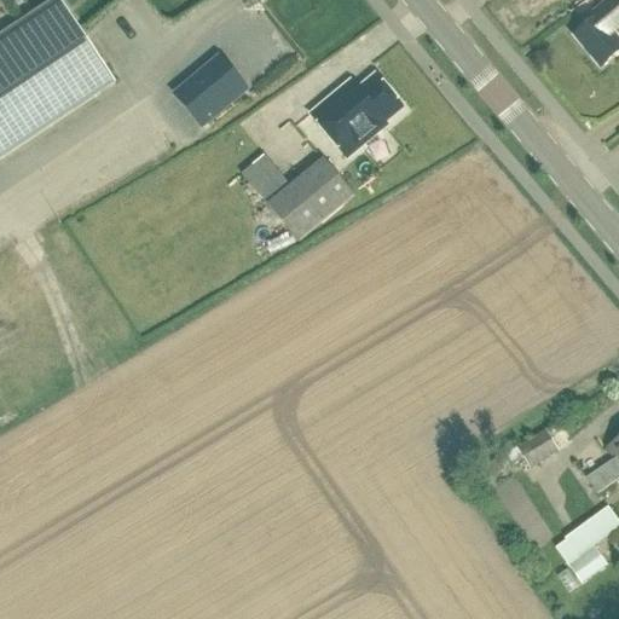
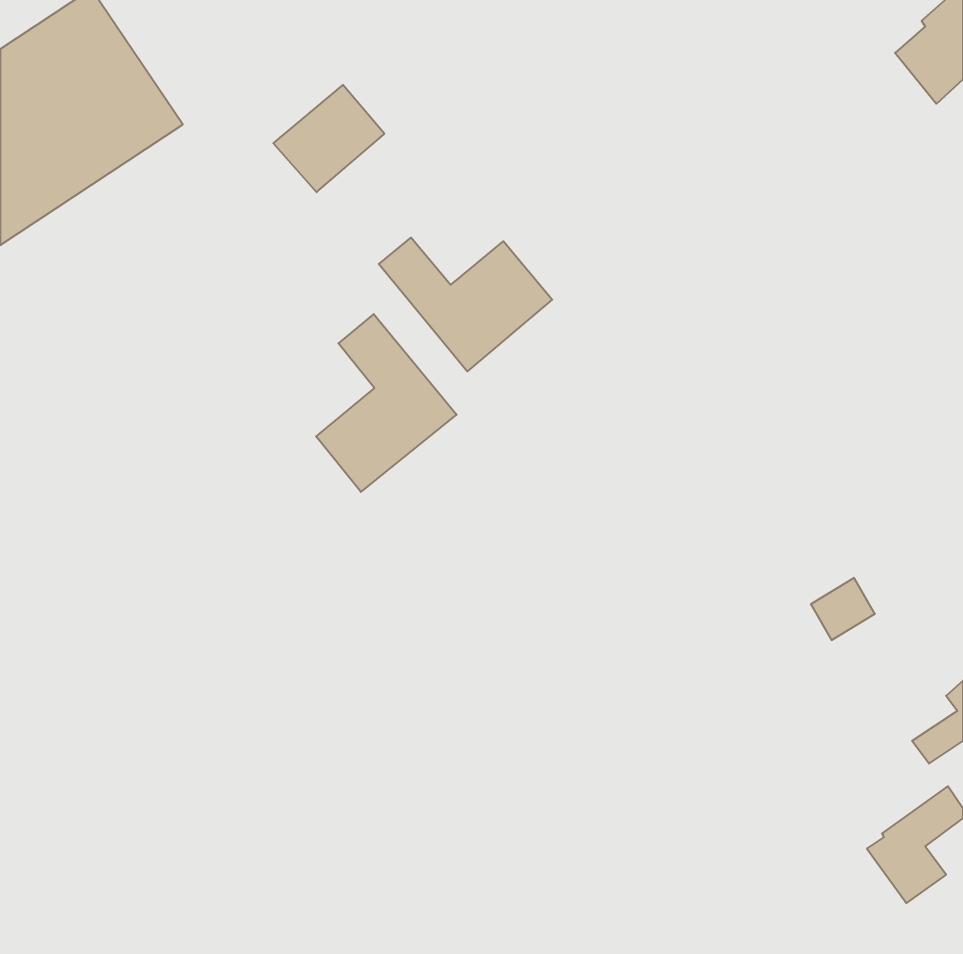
building: [311,71,401,155] -> none
building: none -> [316,314,457,492]
building: [517,424,559,464] -> [811,578,875,640]

